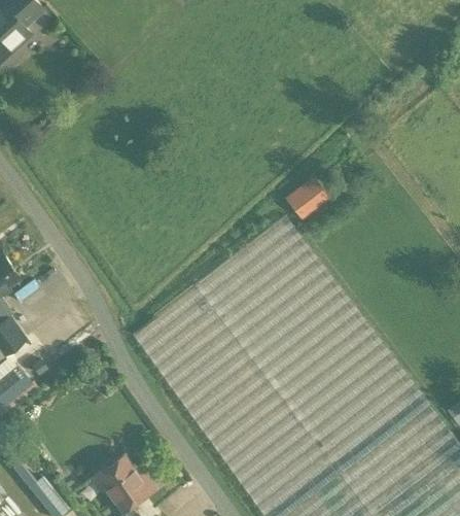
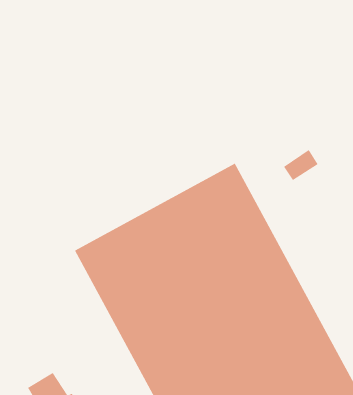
building: [288,179,326,215] -> [283,149,318,181]

